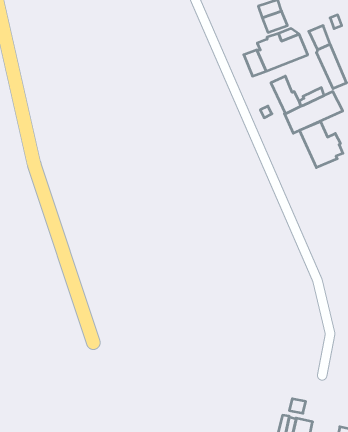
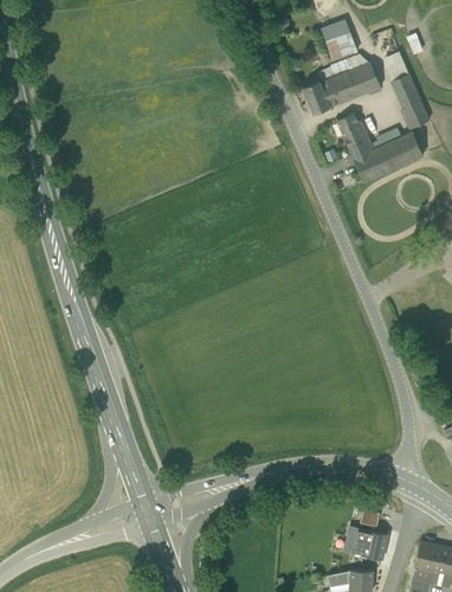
building: [300,122,343,168] -> none

